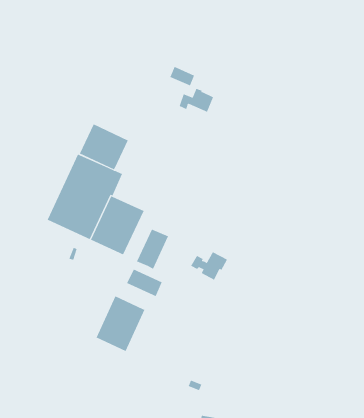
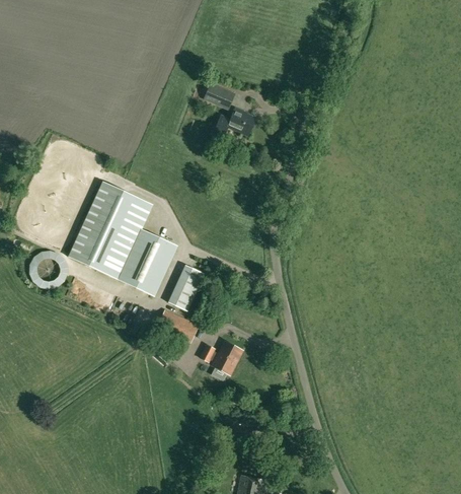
building: [79,124,129,170] -> none
building: [190,251,228,280] -> [200,341,242,373]
building: [96,295,145,352] -> none

